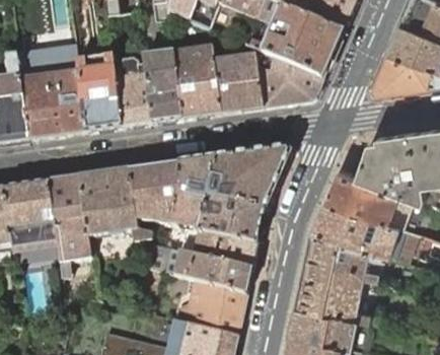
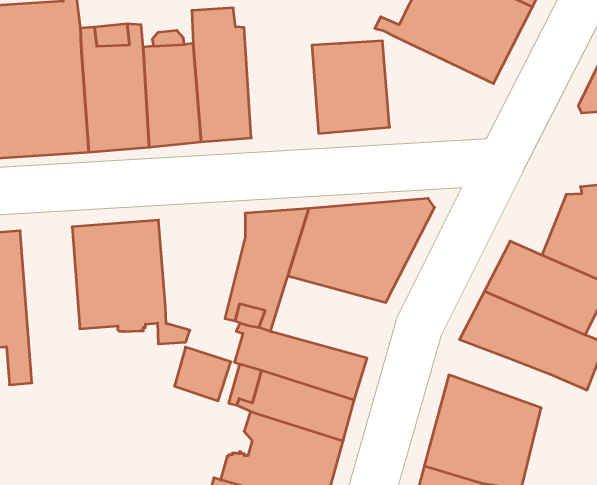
building: [173,44,222,117] -> none
building: [256,49,323,105] -> none
building: [131,161,182,224] -> none
building: [50,175,91,261] -> none
building: [201,197,268,242] -> none
building: [307,228,367,266] -> none

